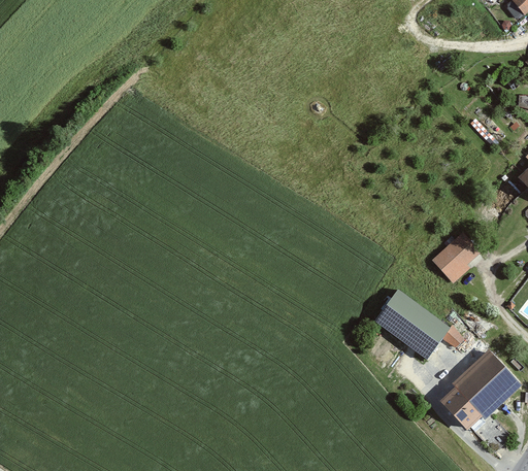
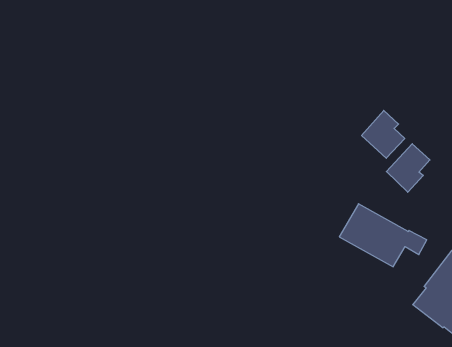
building: none -> [362,110,405,158]

